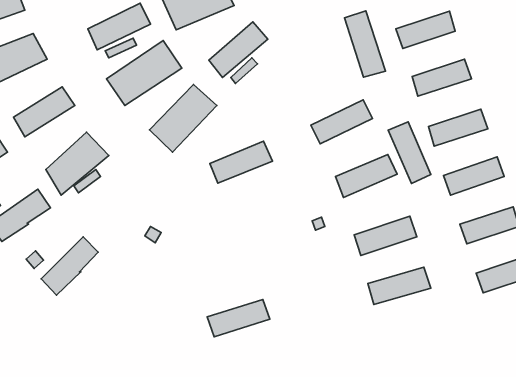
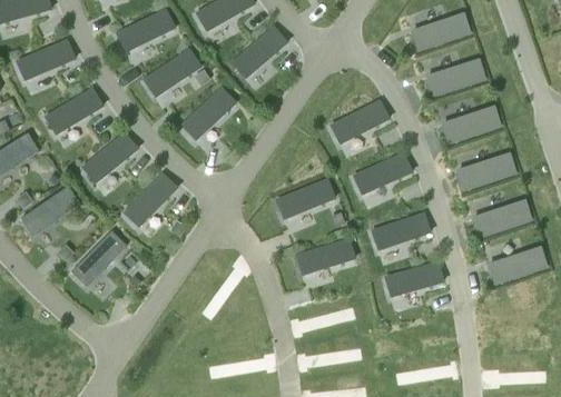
building: [345,11,386,77] -> none
building: [388,122,431,184] -> none
building: [210,141,273,183] -> [276,178,336,218]
building: none -> [116,176,176,240]
building: [207,300,270,337] -> [296,238,356,274]

